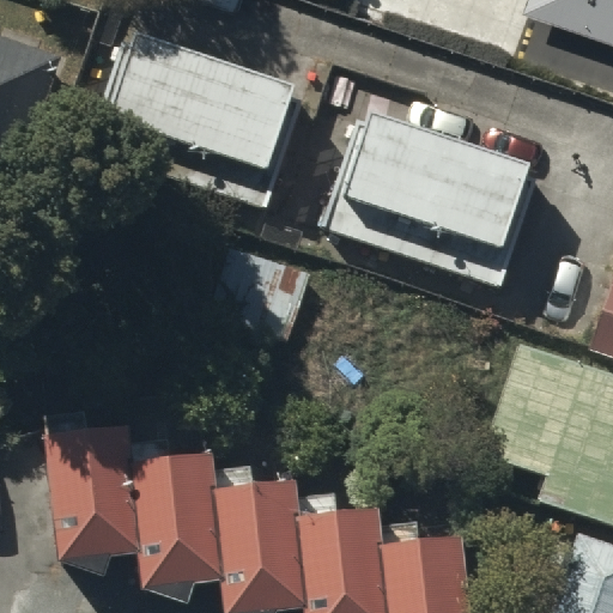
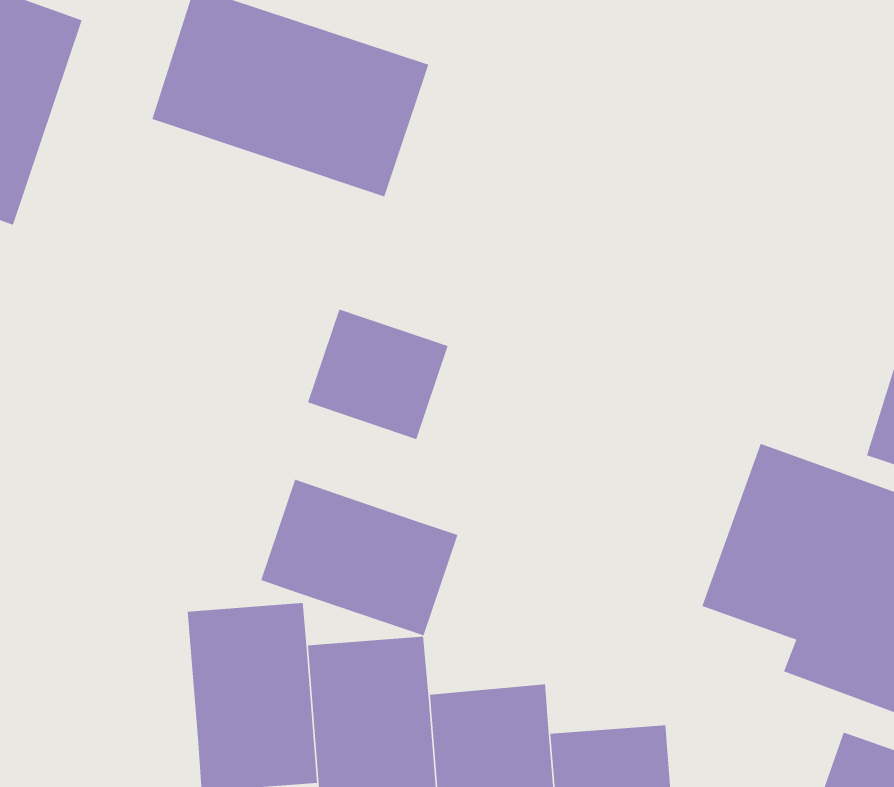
building: [340,117,528,259] -> none
building: none -> [261,479,458,636]
building: [50,419,140,553] -> none

